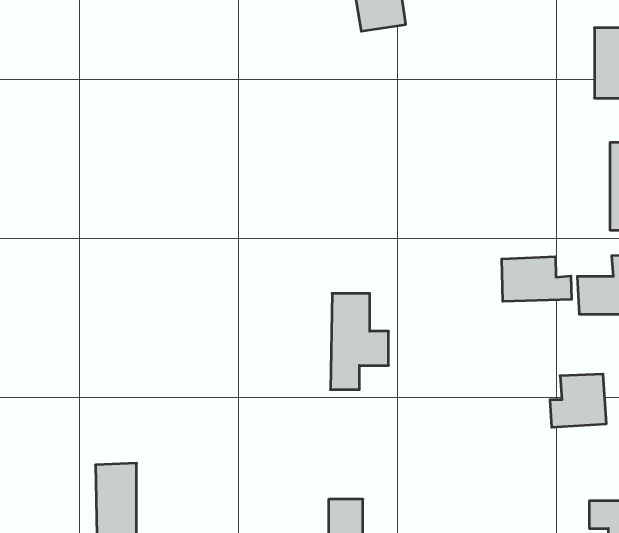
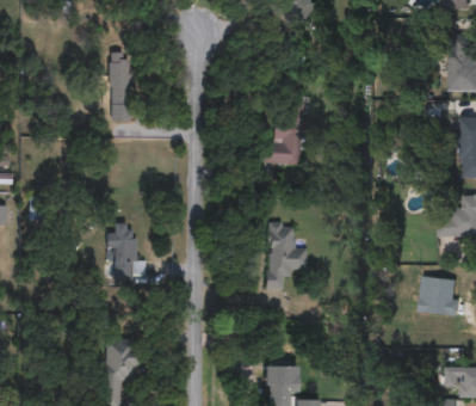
building: none -> [109,53,132,121]
building: none -> [261,107,302,165]
building: [502,257,572,301] -> none
building: none -> [111,232,136,277]

